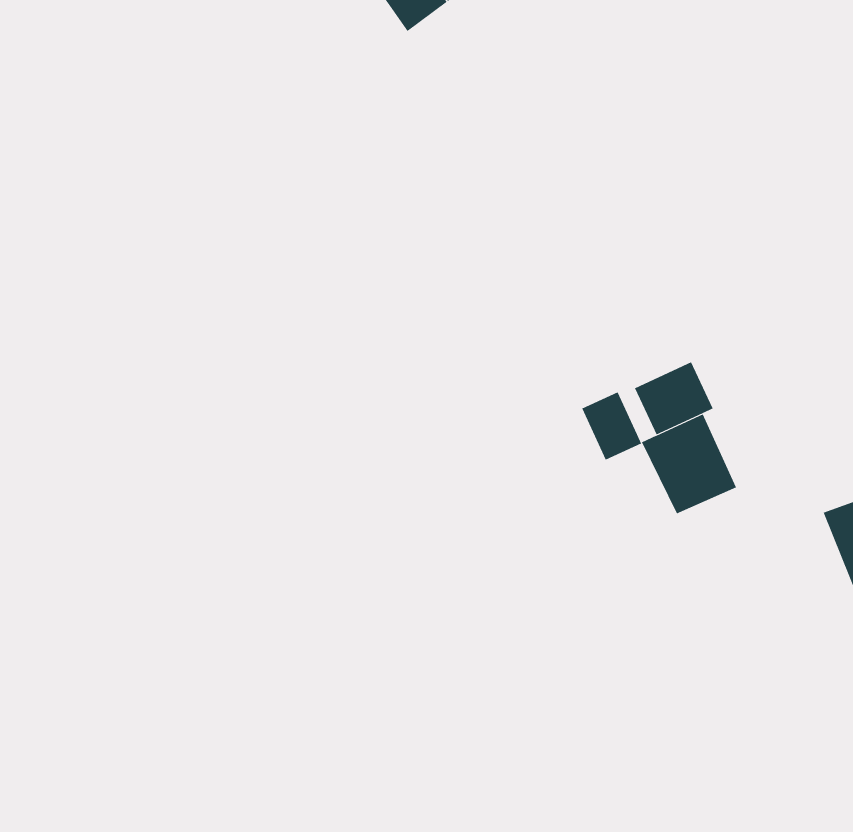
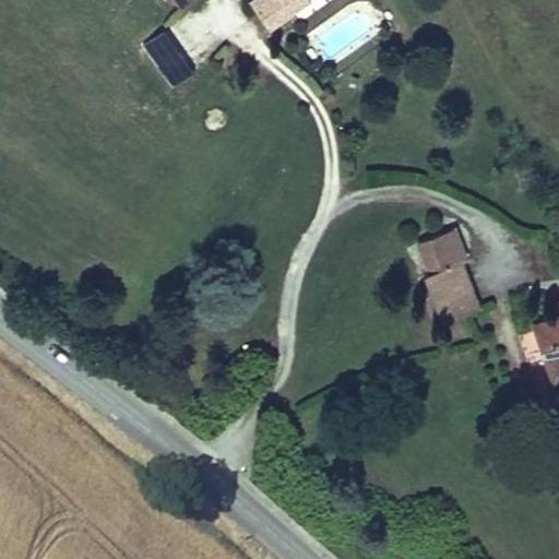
building: [582,391,642,460] -> none

